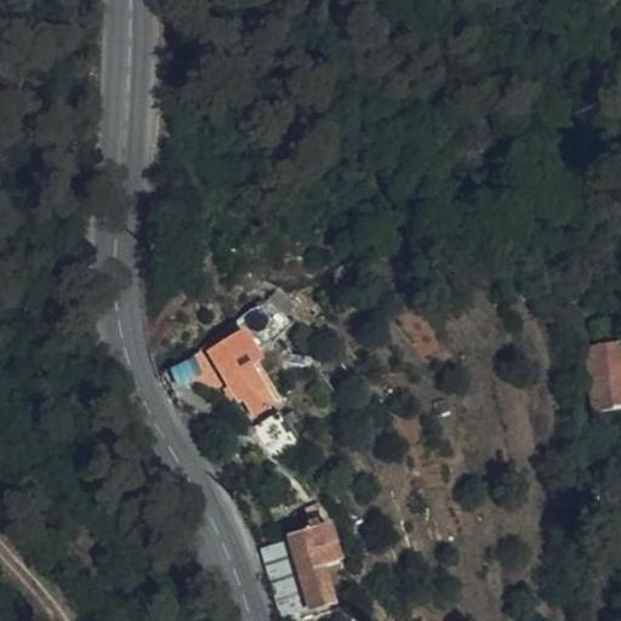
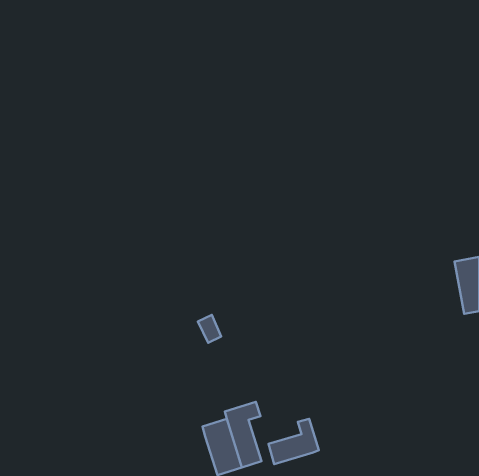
building: [210,329,273,409] -> none
building: none -> [268,419,319,464]

